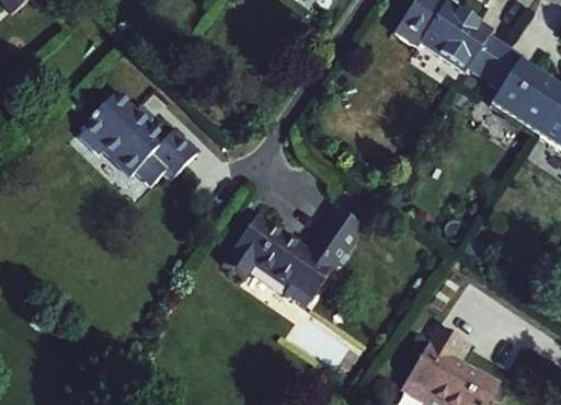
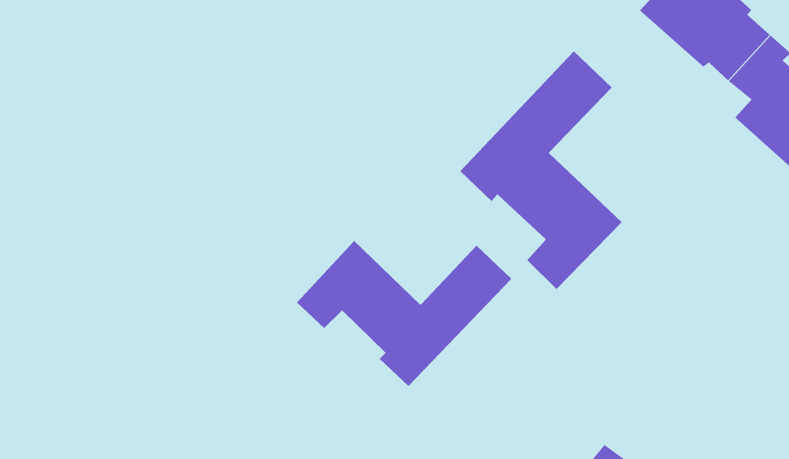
building: none -> [459,51,622,290]
building: [85,90,201,178] -> none

